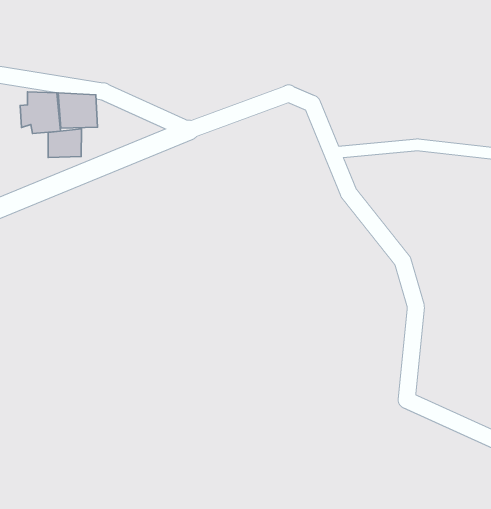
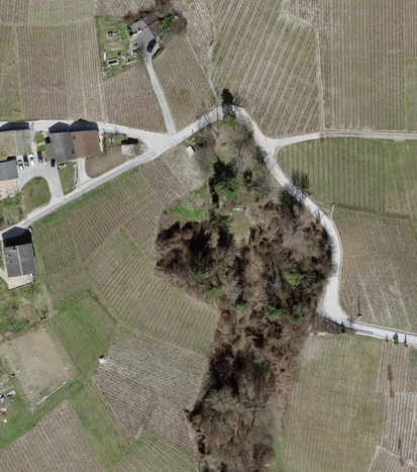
building: [48,129,82,157] -> none

